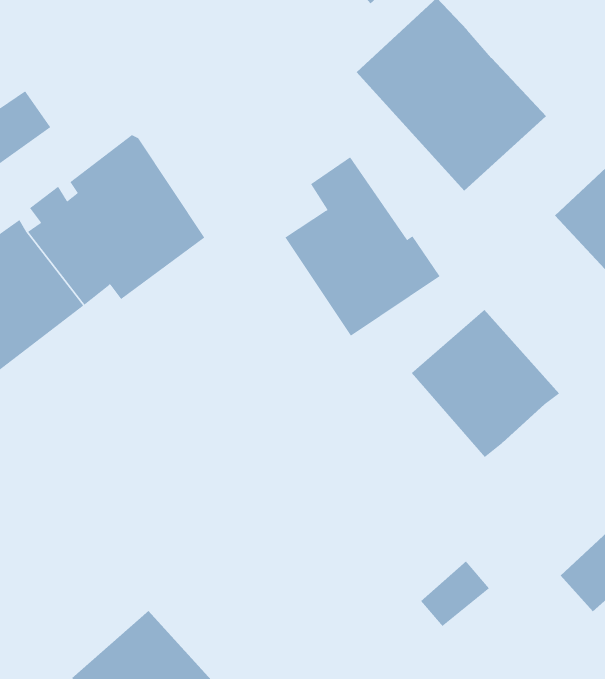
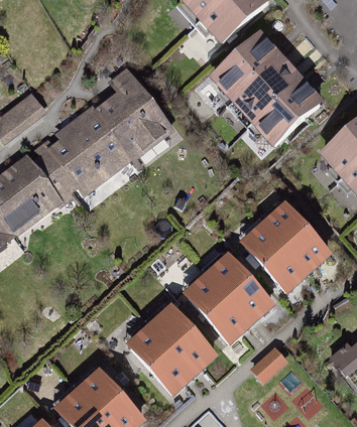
building: [284,157,440,337] -> [95,68,181,167]
building: none -> [189,256,270,337]
building: none -> [130,308,212,391]

